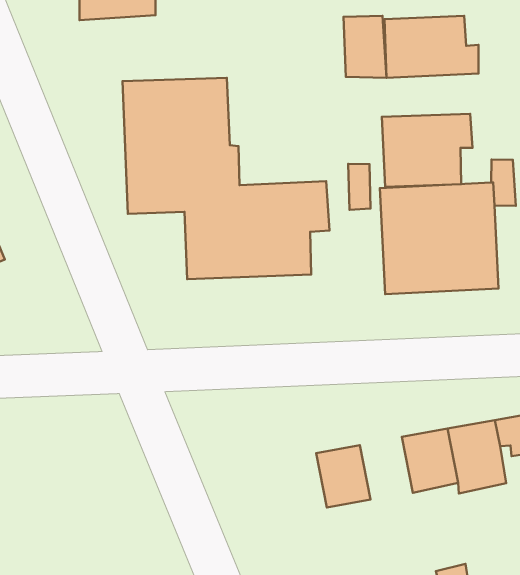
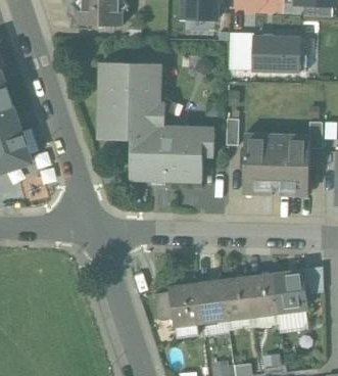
building: [382,114,472,187] -> none
building: none -> [223,278,251,313]
building: none -> [155,284,201,325]

